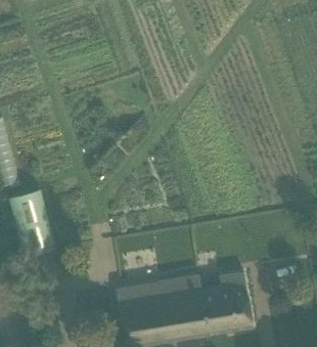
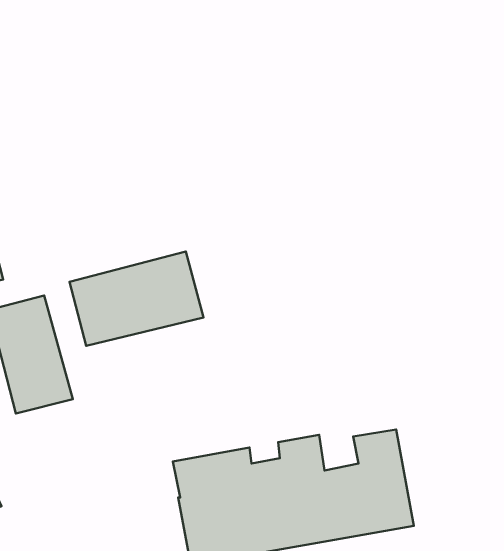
building: none -> [70,252,204,346]

